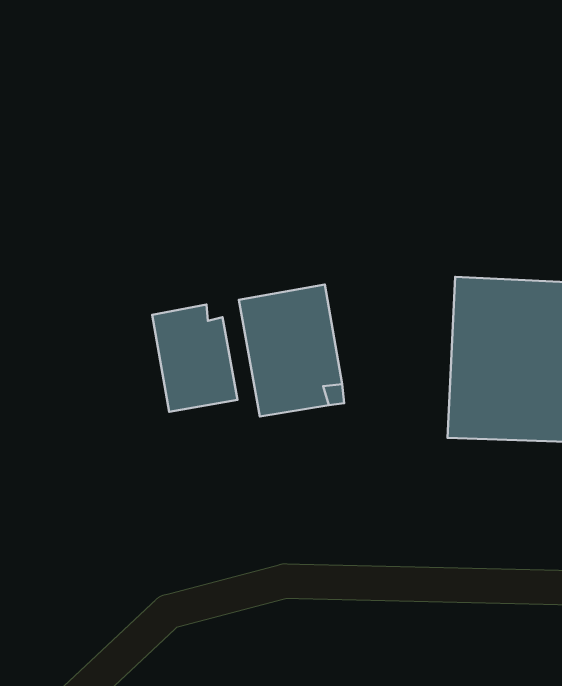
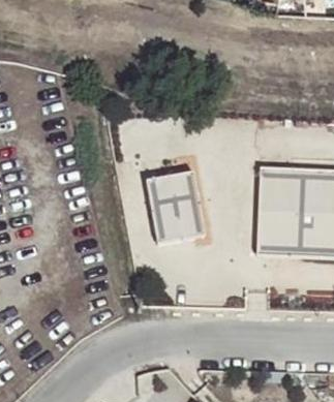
building: [152,304,238,412] -> none

